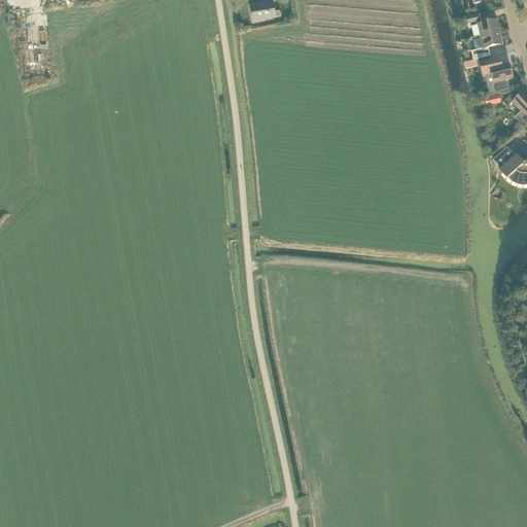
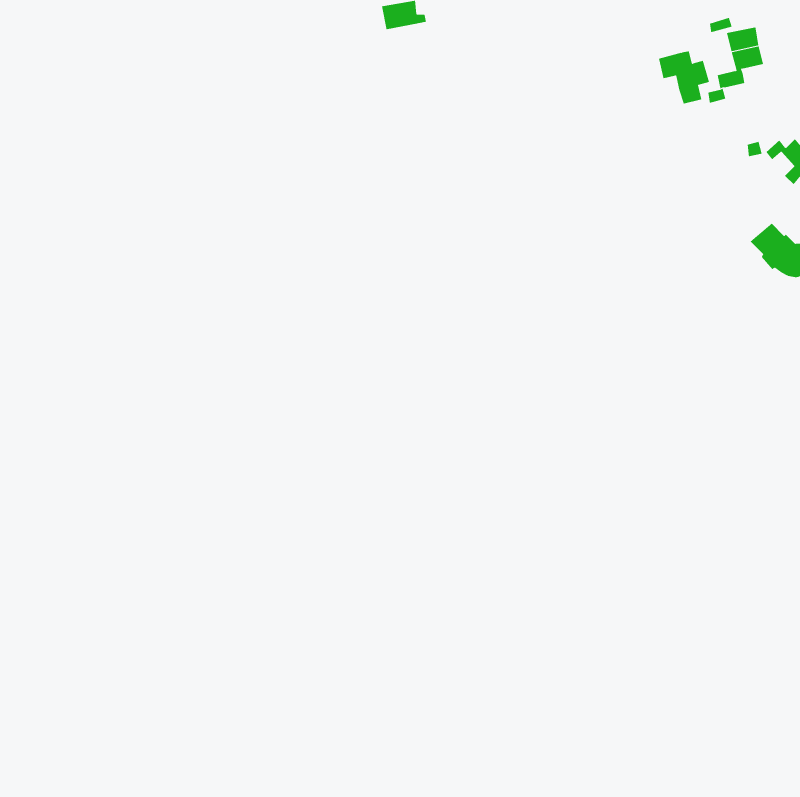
building: [480,56,514,91] -> [658,51,710,104]

